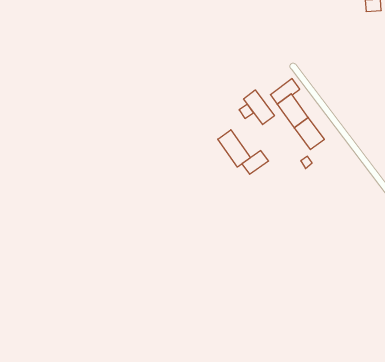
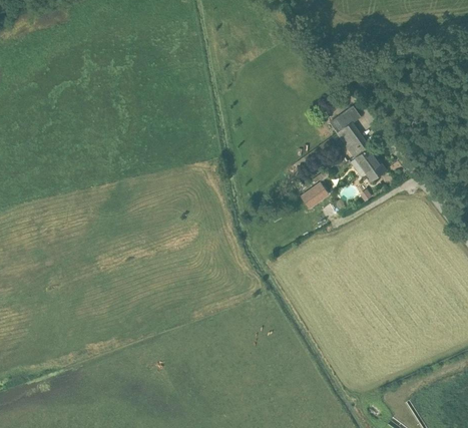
building: [244,90,274,125] -> none
building: [218,130,250,167] -> none

